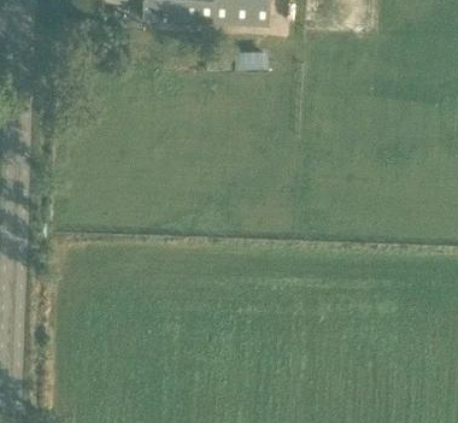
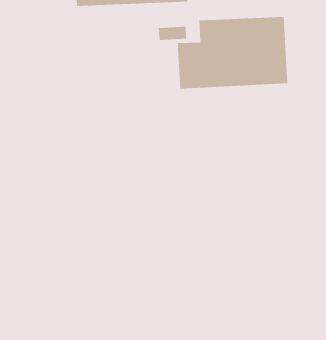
building: none -> [177,16,288,90]

